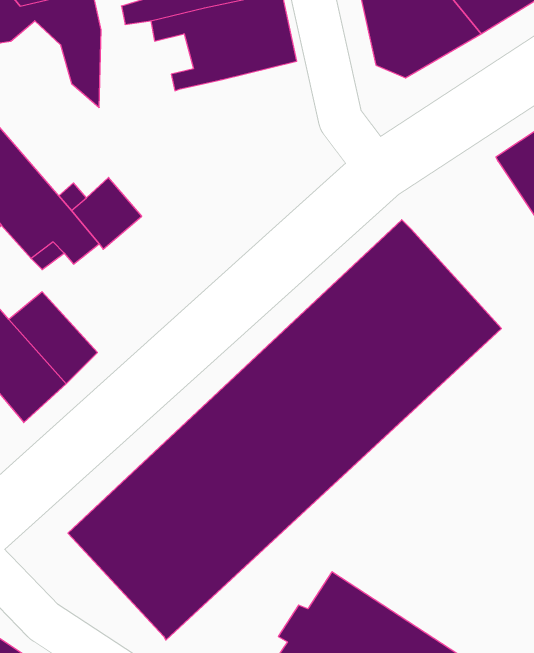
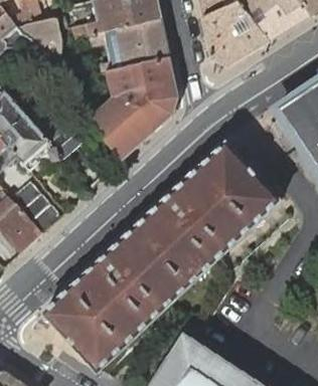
building: none -> [88,56,177,161]

